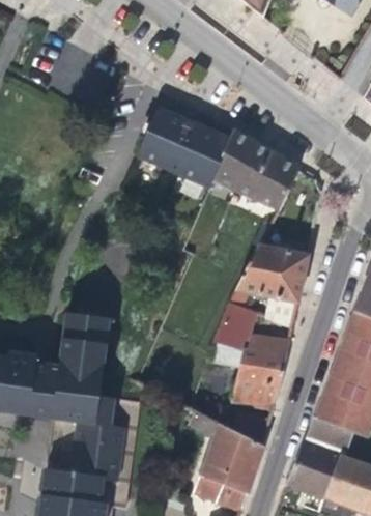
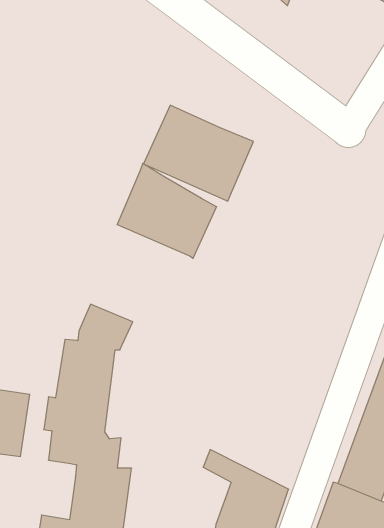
building: [212,128,301,212] -> [117,163,217,258]
building: [234,242,307,328] -> none
building: [215,303,288,410] -> none

